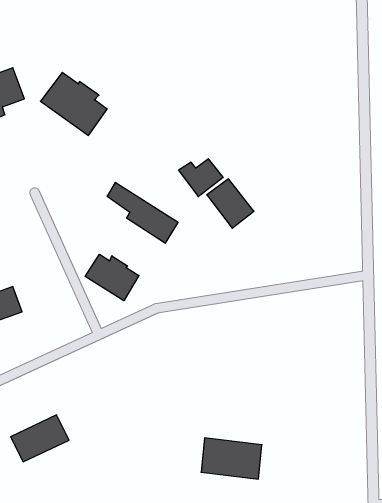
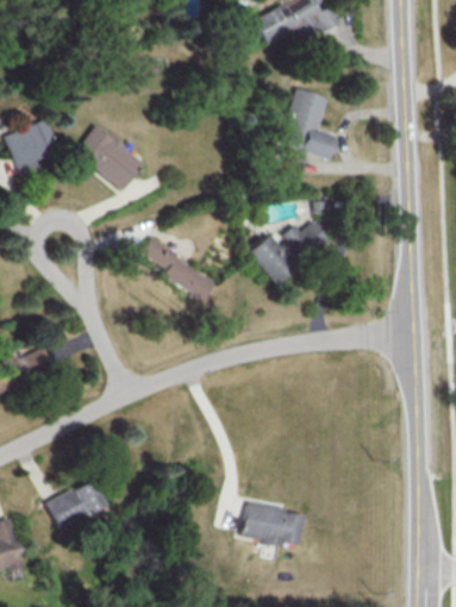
building: none -> [282,88,335,158]
building: [179,159,223,197] -> [282,221,329,261]
building: [85,254,139,301] -> none

